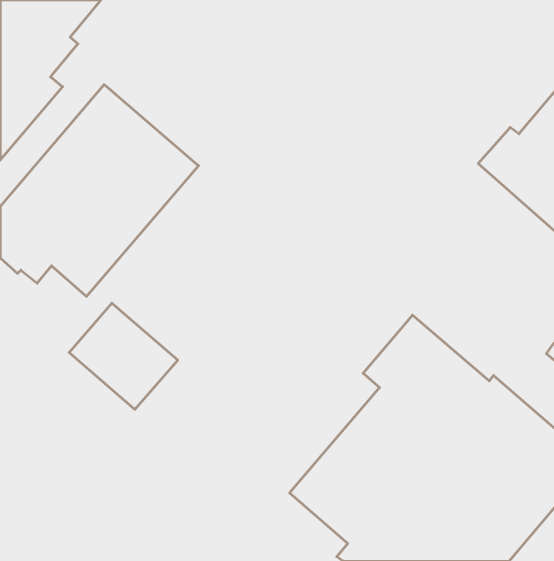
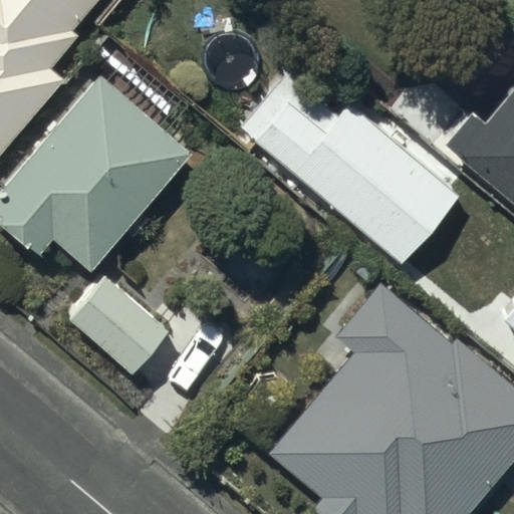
building: none -> [241,70,465,265]

